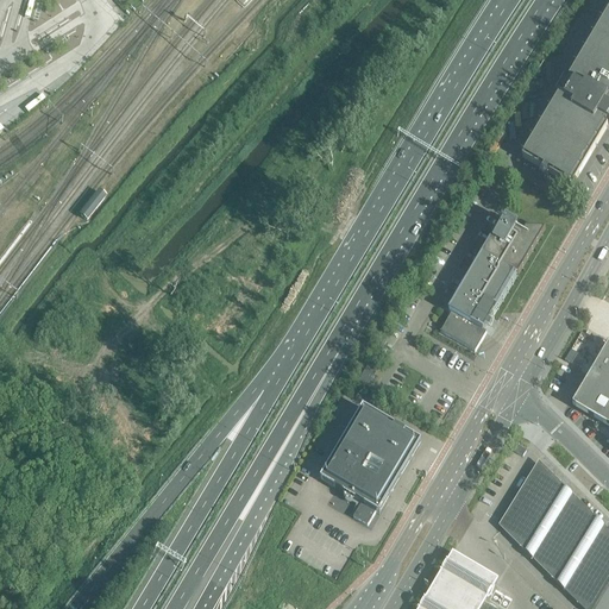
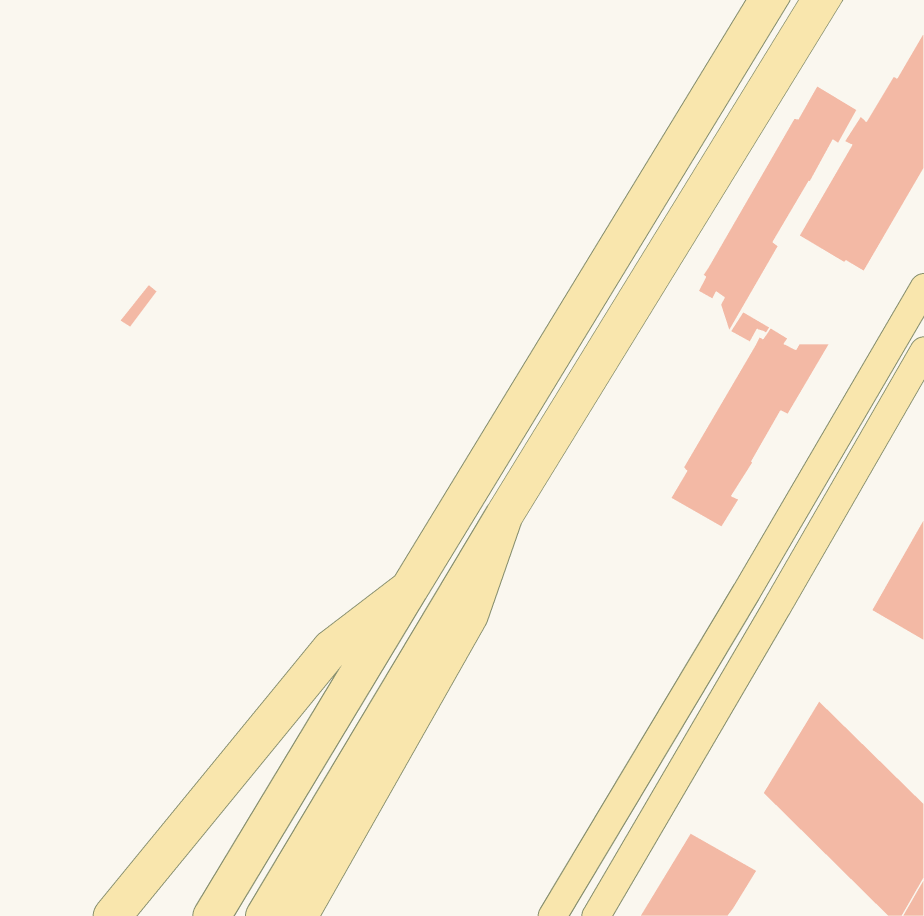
building: none -> [698,86,858,331]
building: [322,404,416,521] -> none

